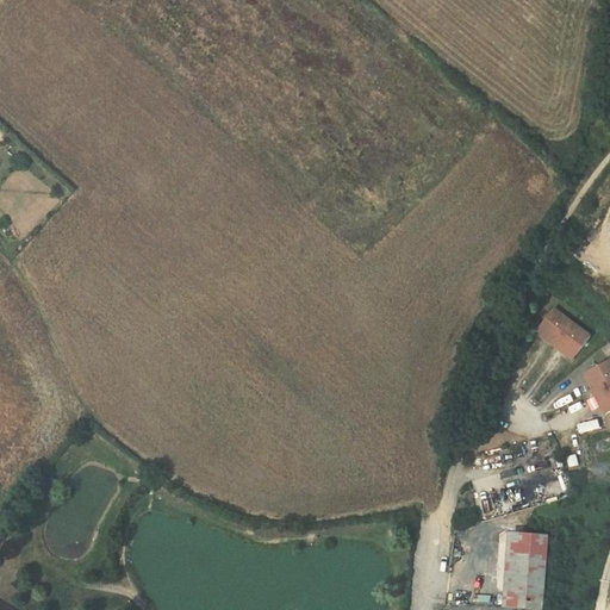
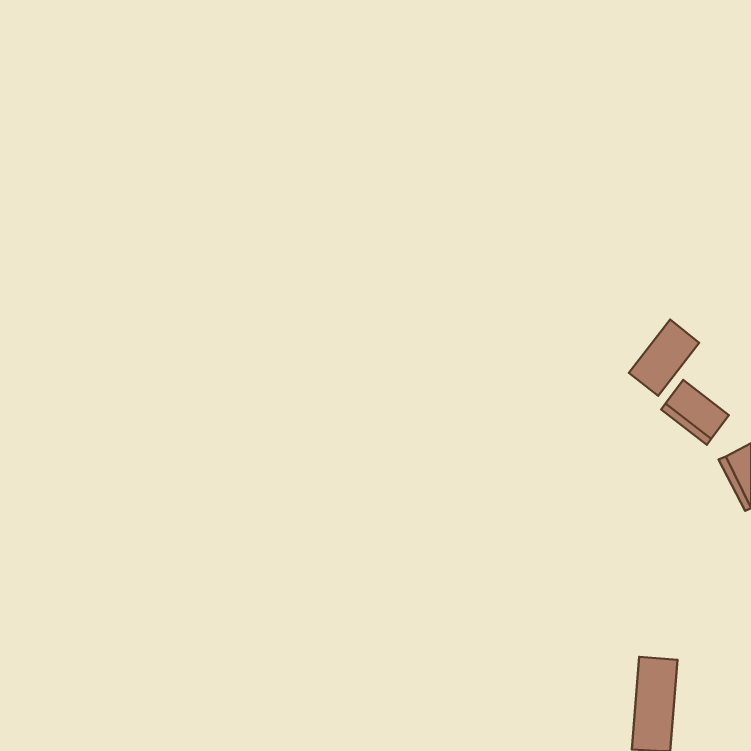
building: none -> [629,320,699,396]

